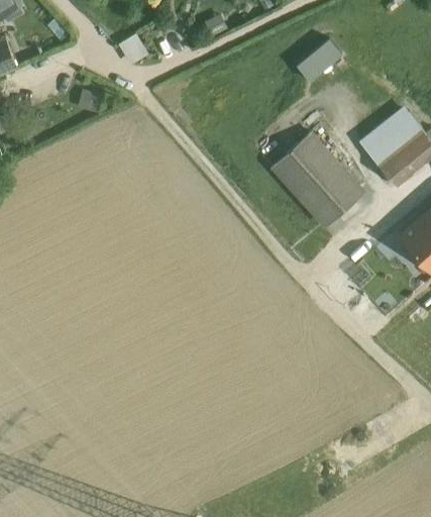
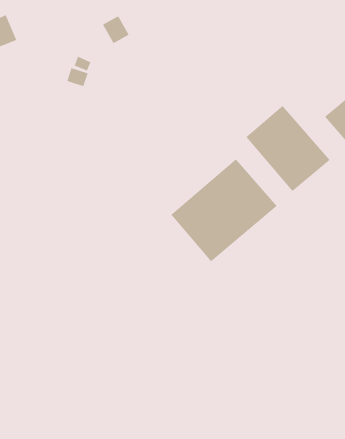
building: [292,38,339,82] -> none
building: none -> [171,159,278,262]

